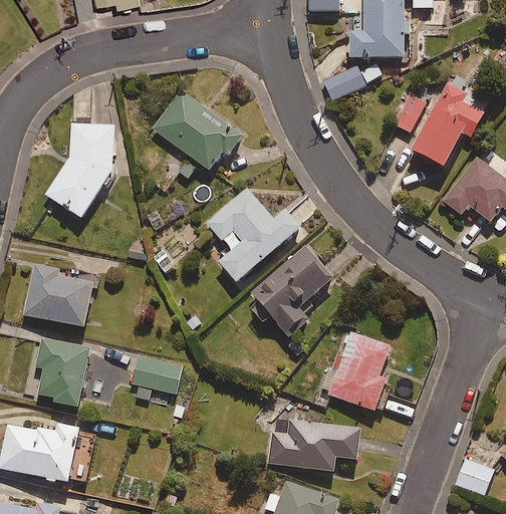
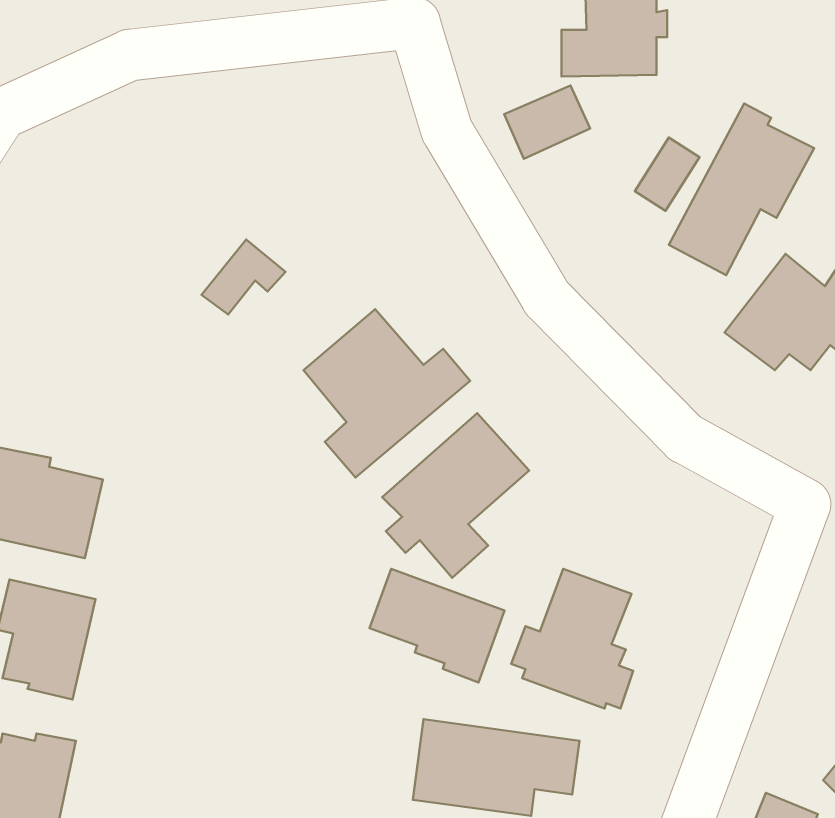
building: [153,91,241,171] -> none
building: [44,123,113,218] -> none
building: none -> [370,569,504,683]
building: [132,359,181,399] -> none

